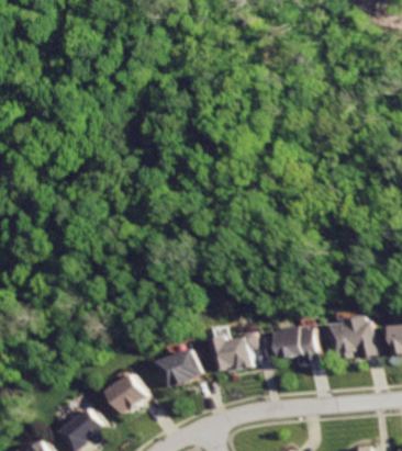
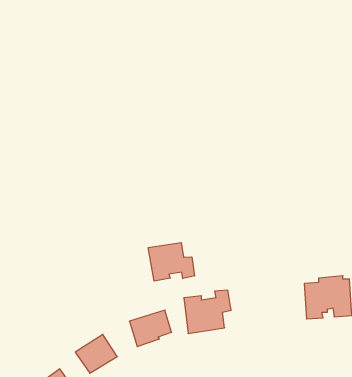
building: none -> [148,243,194,281]
building: [276,324,319,361] -> none

